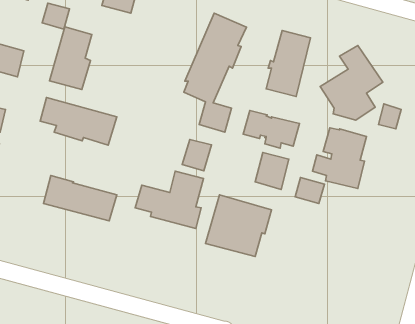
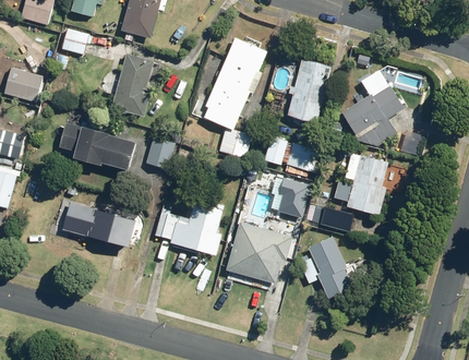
building: [50,27,92,90] -> [111,53,154,117]
building: [182,140,211,171] -> [146,137,176,169]
building: none -> [299,237,353,299]

